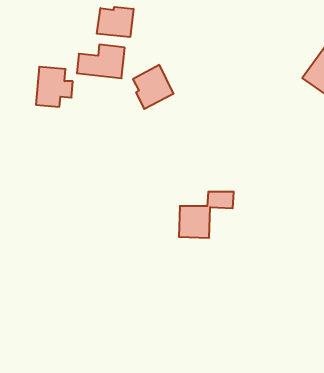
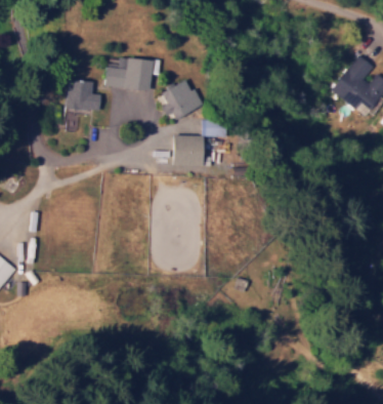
building: [97,7,133,37] -> none
building: [179,192,234,238] -> [172,121,227,167]

